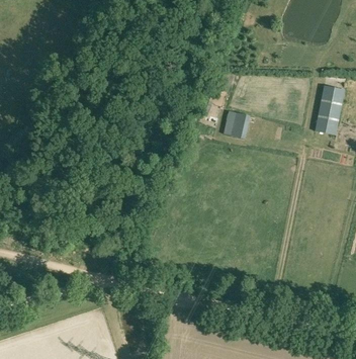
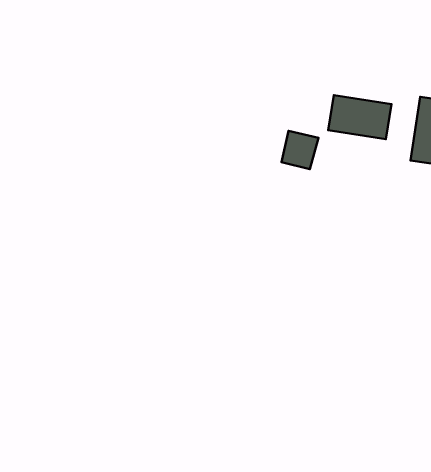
building: none -> [328,95,392,139]

